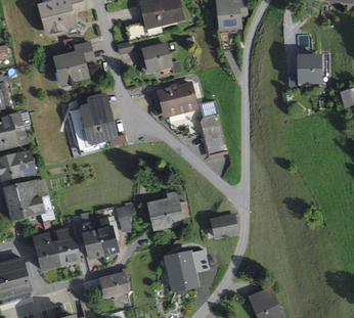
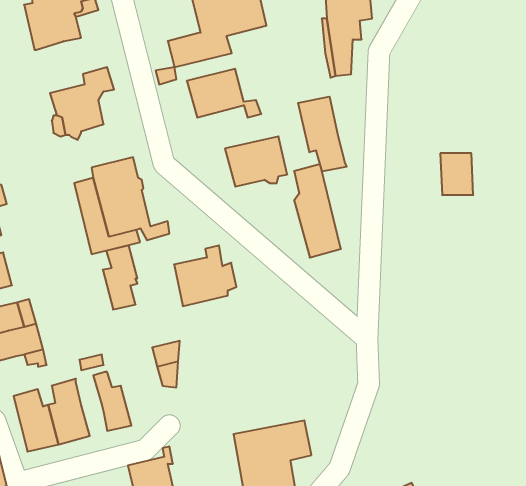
building: [299,56,318,81] -> [440,153,473,195]
building: none -> [298,97,347,171]
building: [149,190,186,226] -> [174,245,236,306]
building: [211,214,236,236] -> none
building: [96,216,117,254] -> [103,246,137,310]

